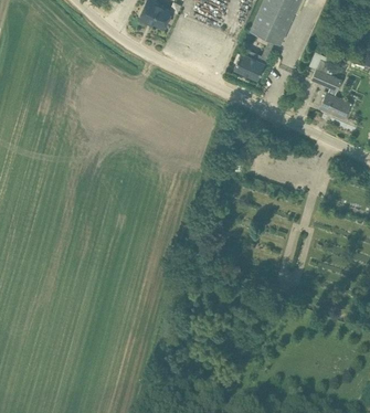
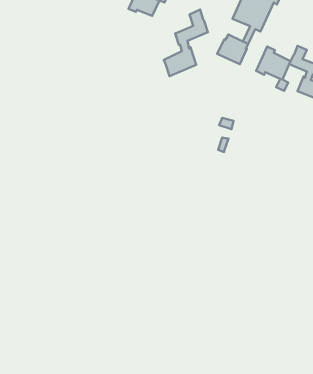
building: none -> [164,9,208,76]
building: none -> [256,47,291,91]

